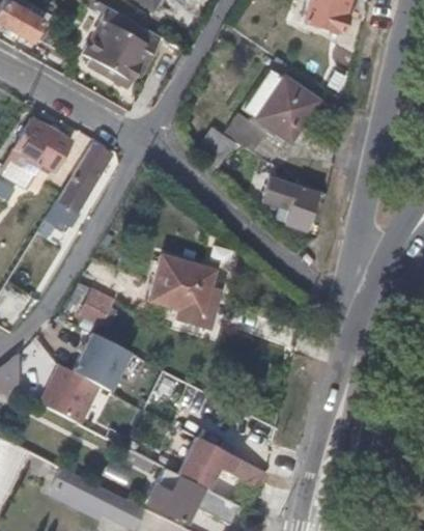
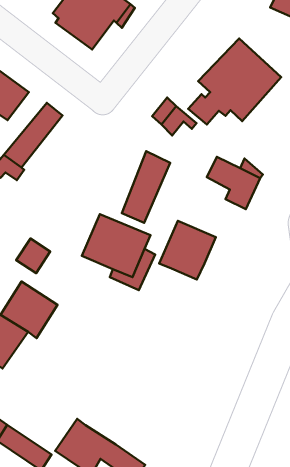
building: none -> [122,151,170,223]
building: none -> [159,221,216,280]
building: [173,431,265,485] -> none

